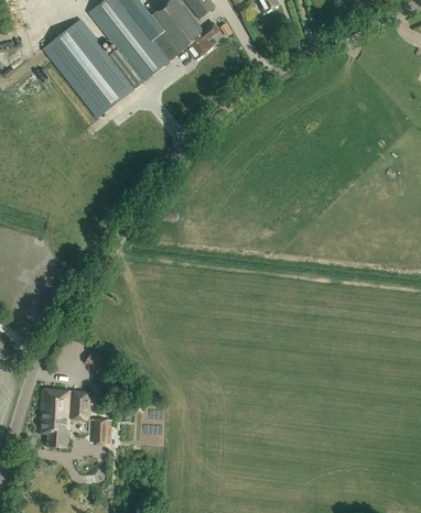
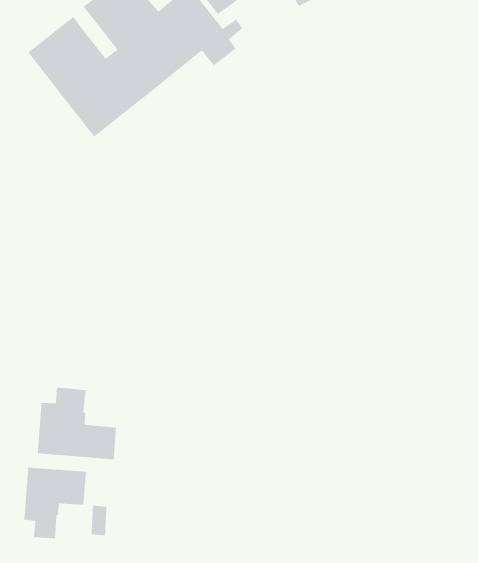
building: none -> [37,387,117,460]

